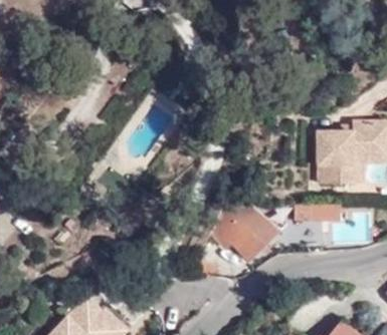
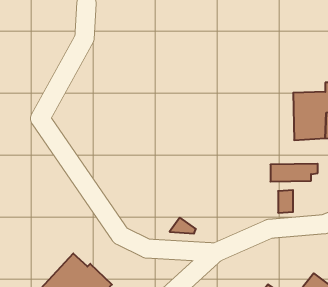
building: [210,205,275,262] -> none

